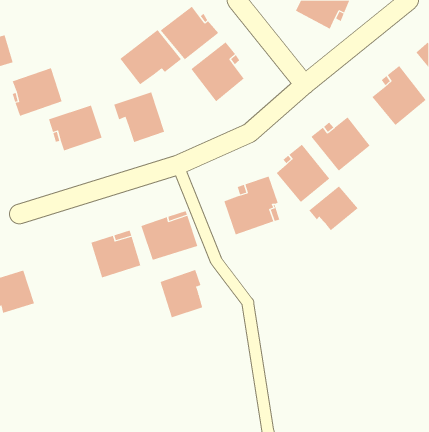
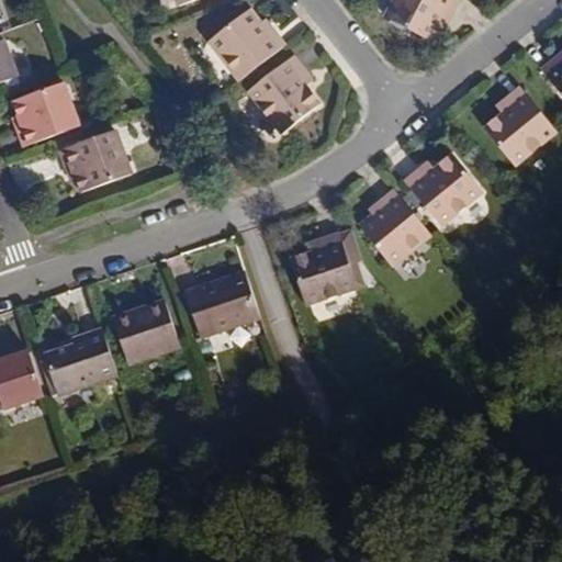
building: [120,29,182,85] -> none
building: [114,91,165,143] -> none
building: [309,186,358,231] -> none
building: none -> [45,327,120,395]
building: [160,269,203,318] -> none

